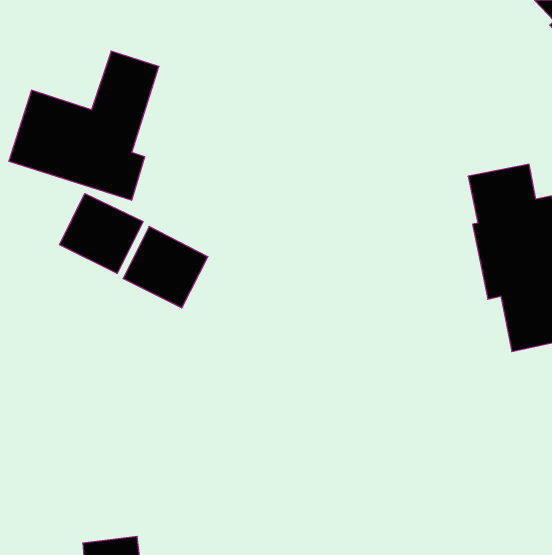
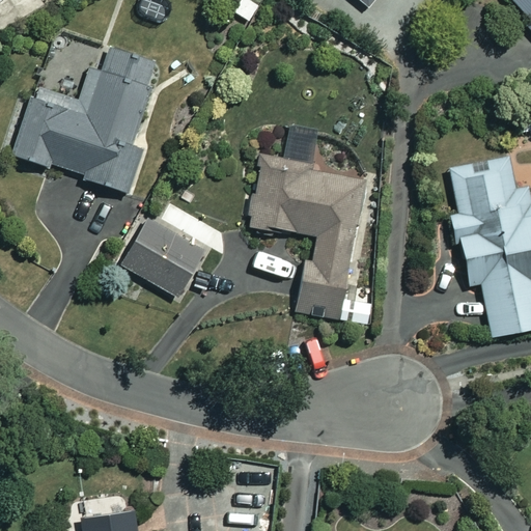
building: none -> [250,155,379,325]
building: [60,194,143,274] -> none

